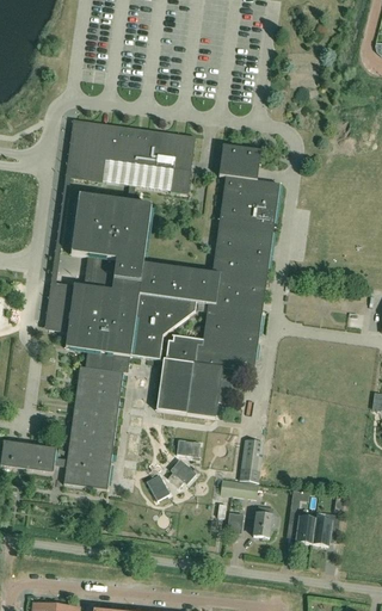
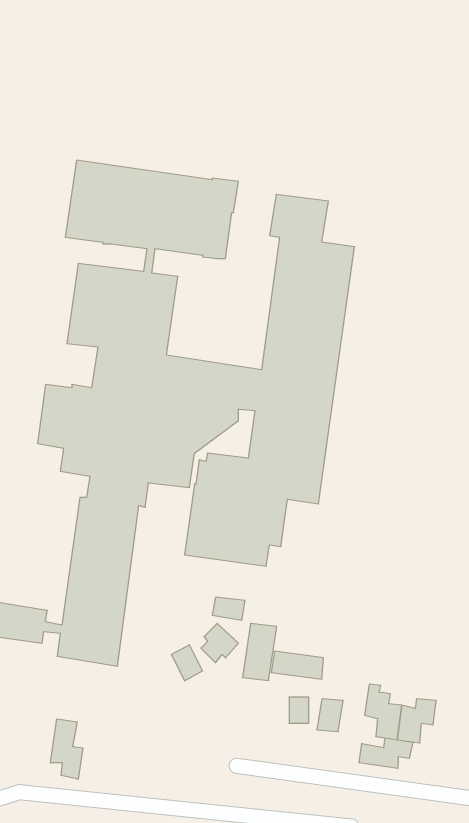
building: [239,438,264,480] -> [242,623,277,681]
building: none -> [51,719,83,779]
building: none -> [359,738,413,768]

